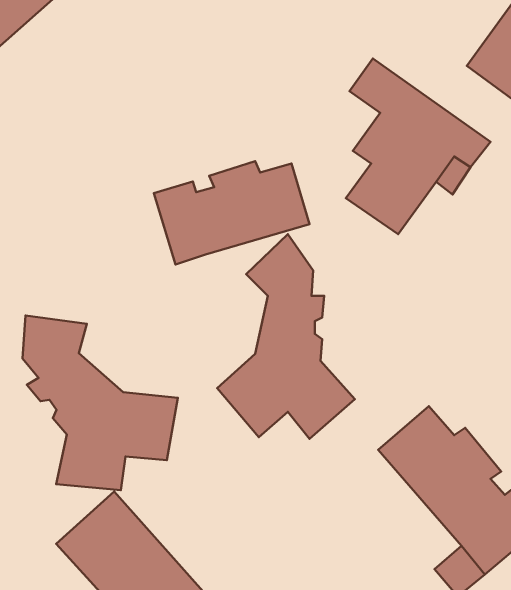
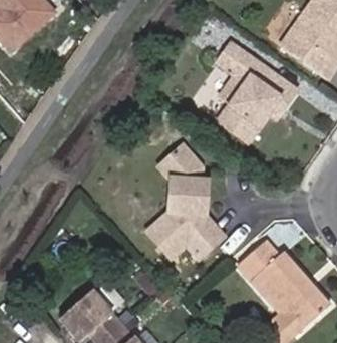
building: [154,161,310,264] -> none
building: [22,316,178,490] -> none

